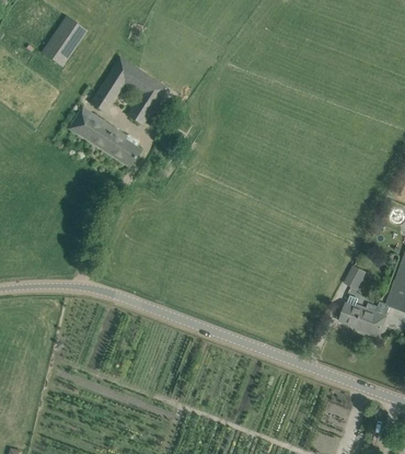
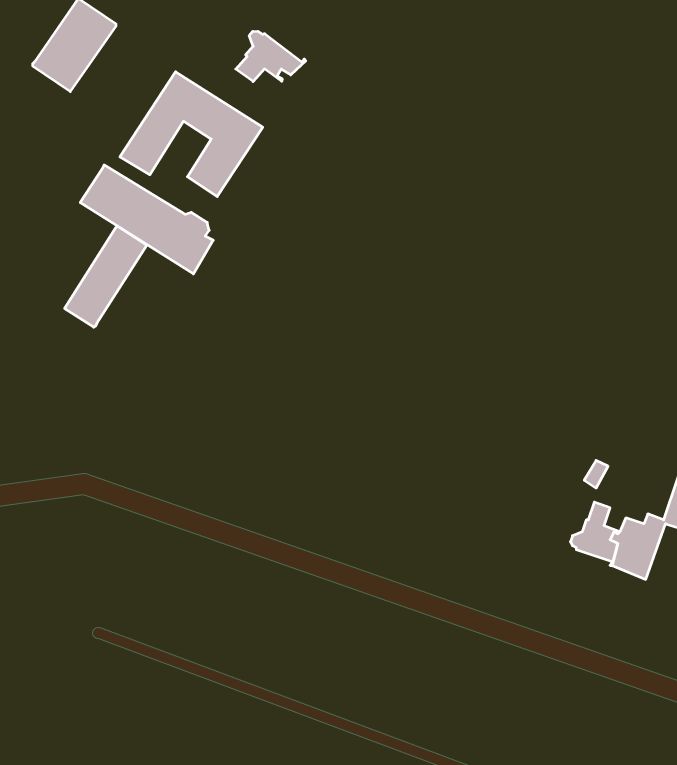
building: none -> [236,31,306,82]
building: none -> [65,226,147,327]

